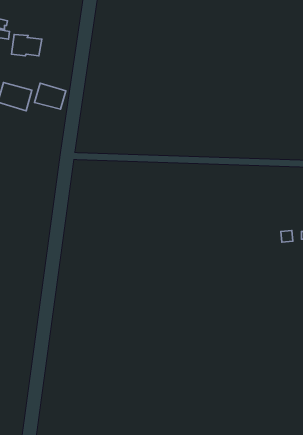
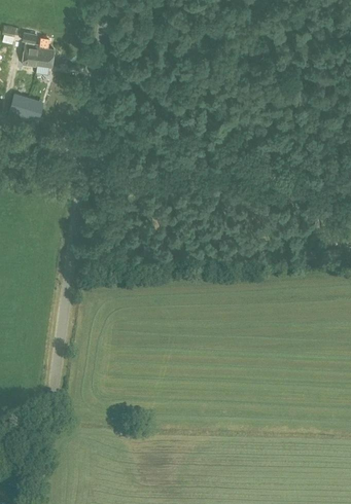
building: [35,83,66,109] -> none

